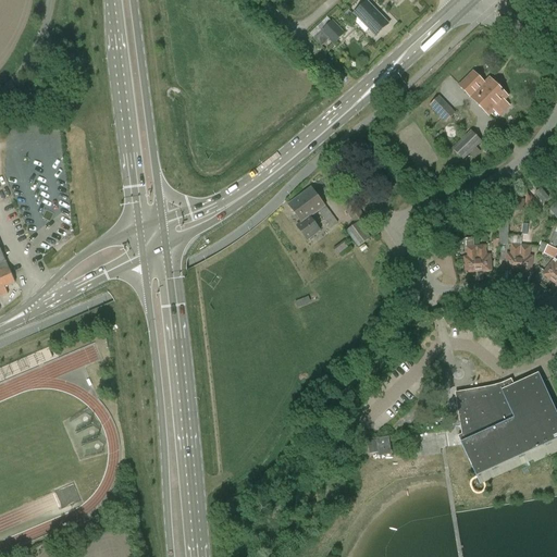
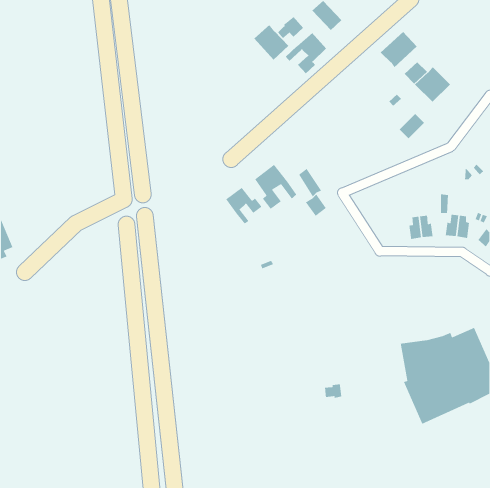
building: none -> [254,24,289,60]
building: none -> [380,31,417,68]
building: none -> [285,32,327,74]
building: none -> [225,187,262,225]

